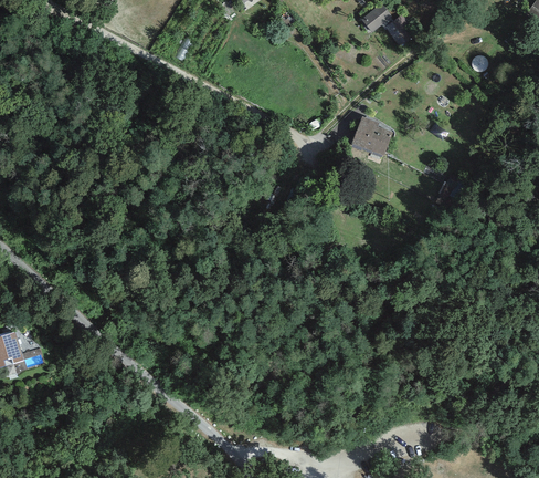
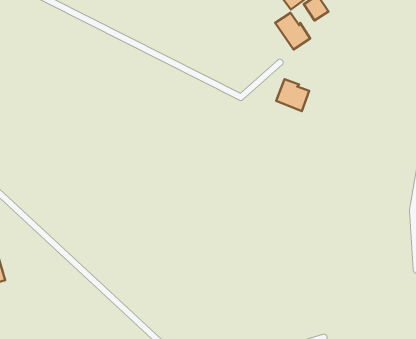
building: none -> [275,13,310,50]

